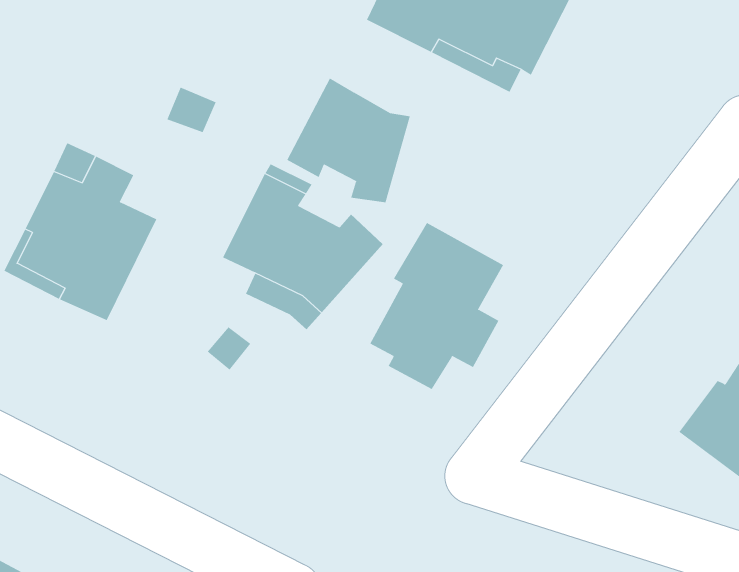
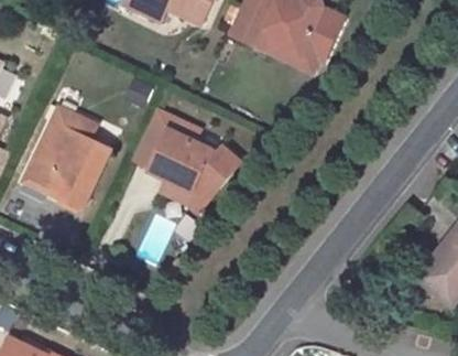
building: [287,77,410,203] -> none
building: [370,222,504,390] -> none

